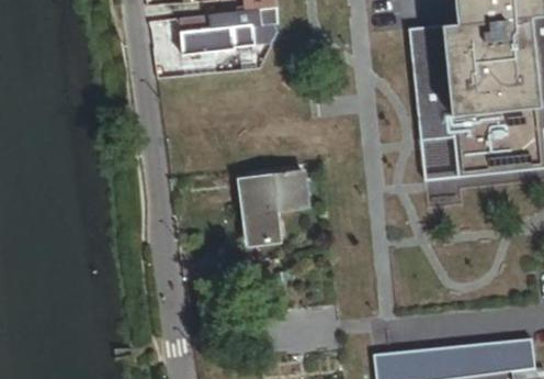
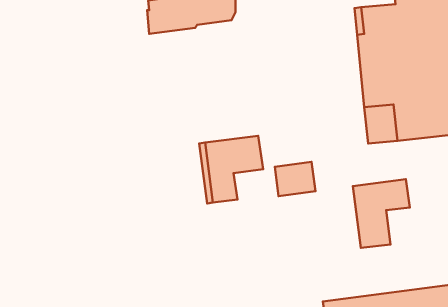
building: none -> [275,162,315,196]
building: none -> [353,179,410,248]

